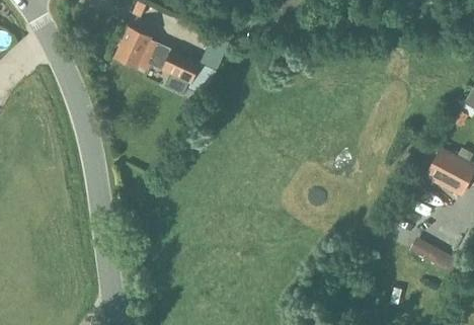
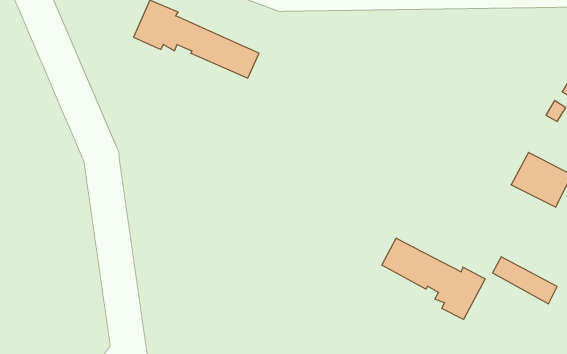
building: none -> [382,238,485,319]

